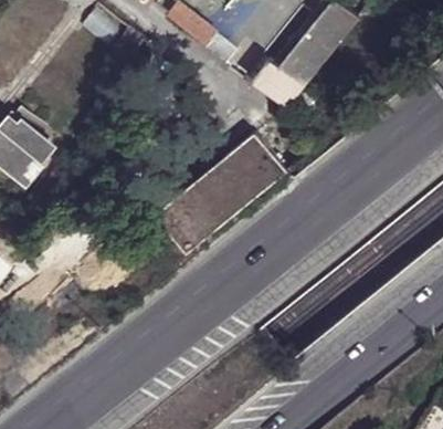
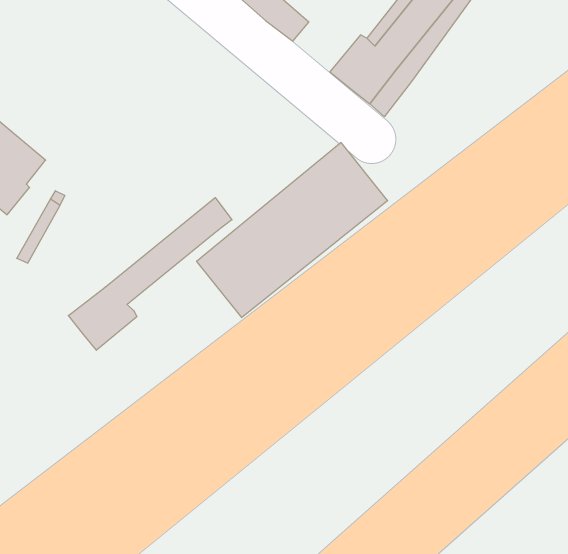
building: none -> [68,198,232,350]

